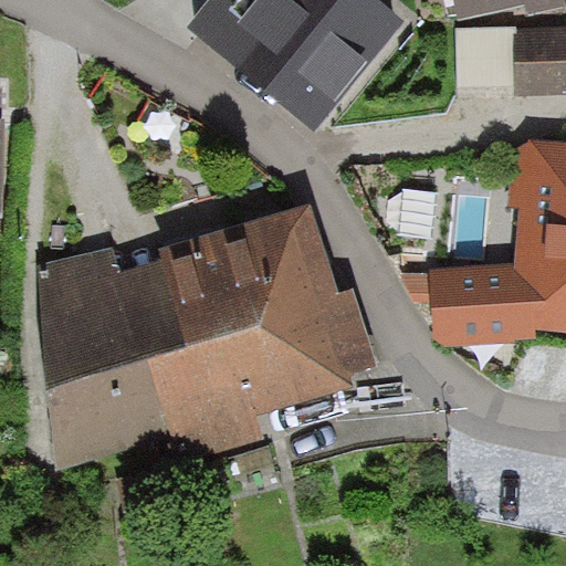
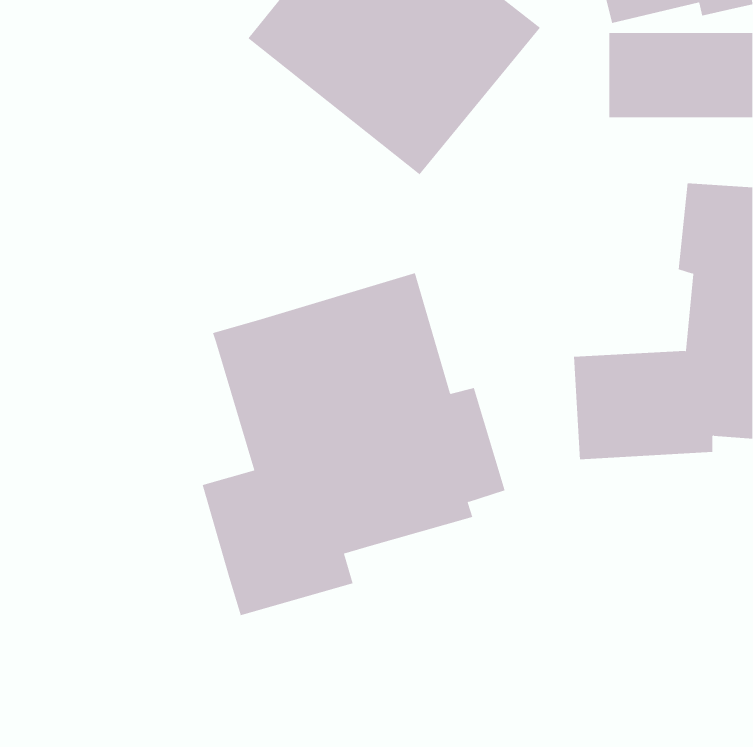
building: [41,243,190,469] -> none

